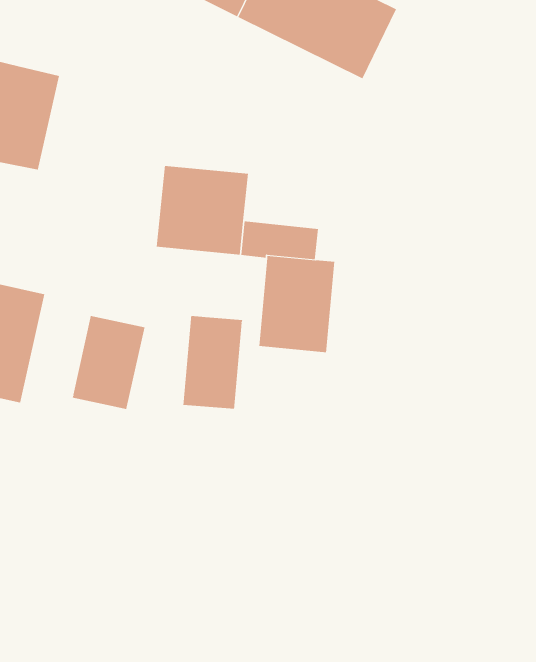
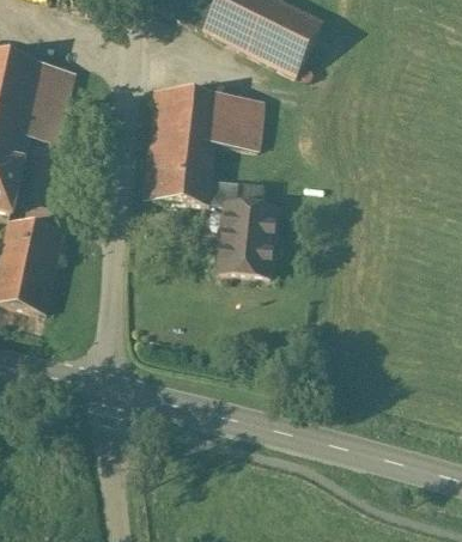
building: none -> [150,89,261,148]
building: [72,315,145,410] -> none
building: [183,315,243,410] -> none

